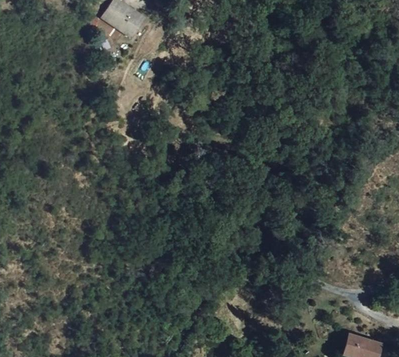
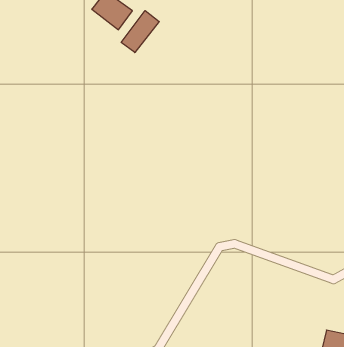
building: none -> [121,11,159,53]

